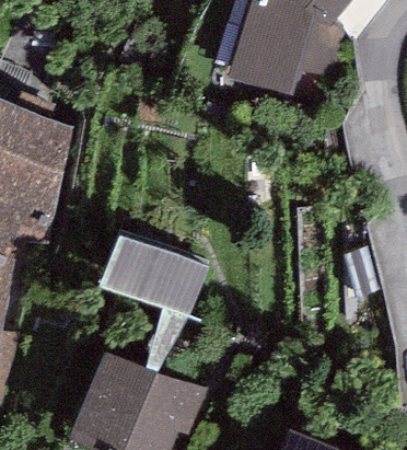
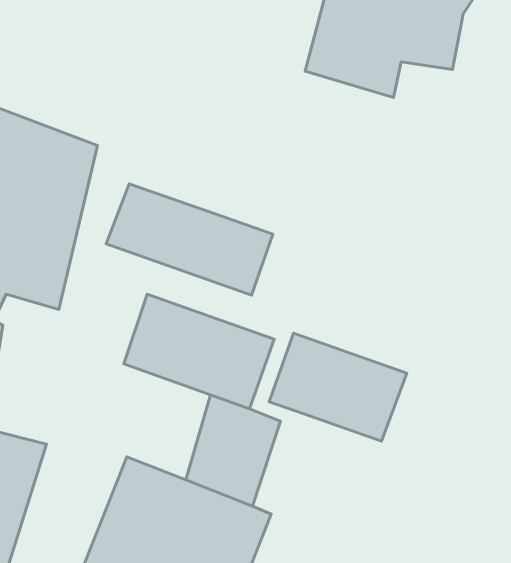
building: none -> [106,184,273,295]
building: none -> [269,333,407,441]

